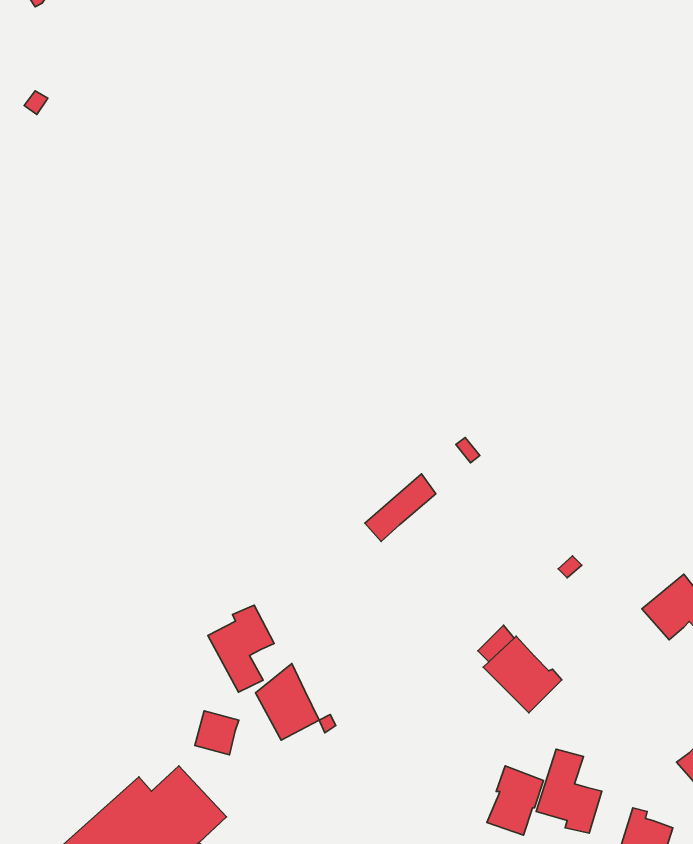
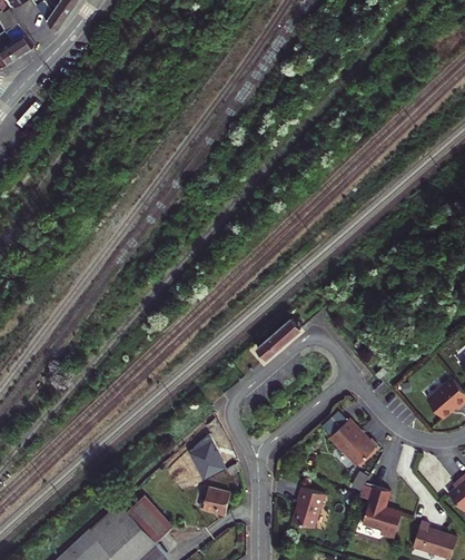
building: [208,605,274,692] -> none
building: [195,711,239,755] -> [202,489,229,515]
building: [487,766,543,835] -> [289,485,324,528]

